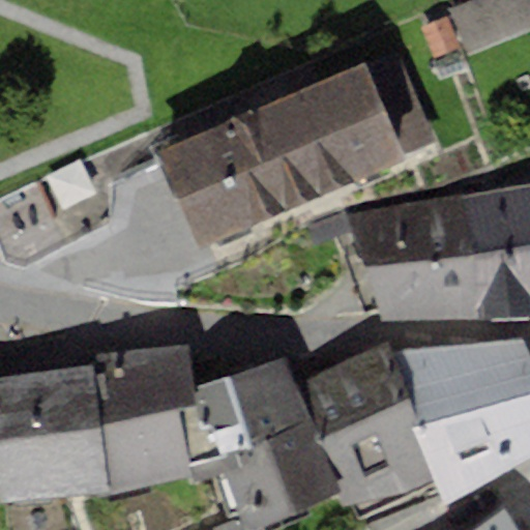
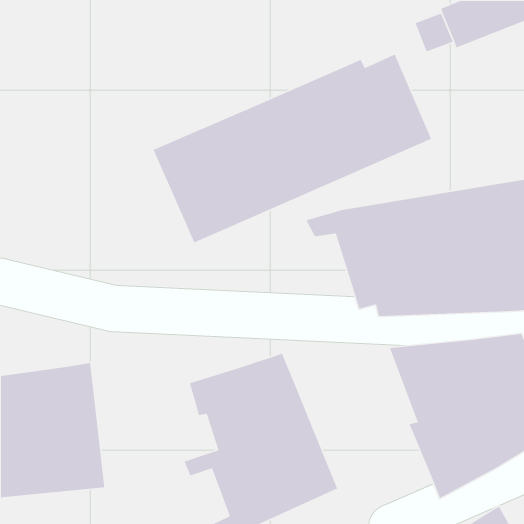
building: [297,341,438,520] -> none
building: [93,345,197,493] -> none

